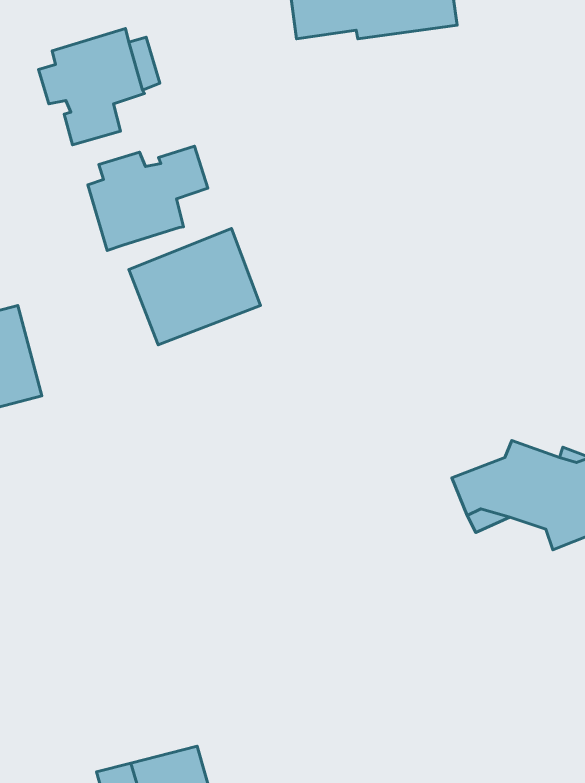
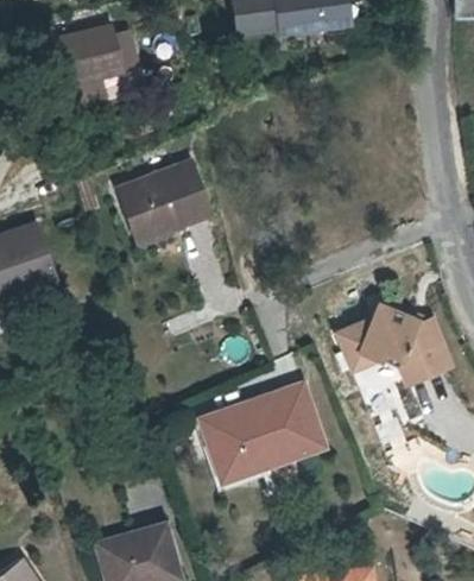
building: [88,146,208,250] -> none
building: none -> [200,380,334,486]

